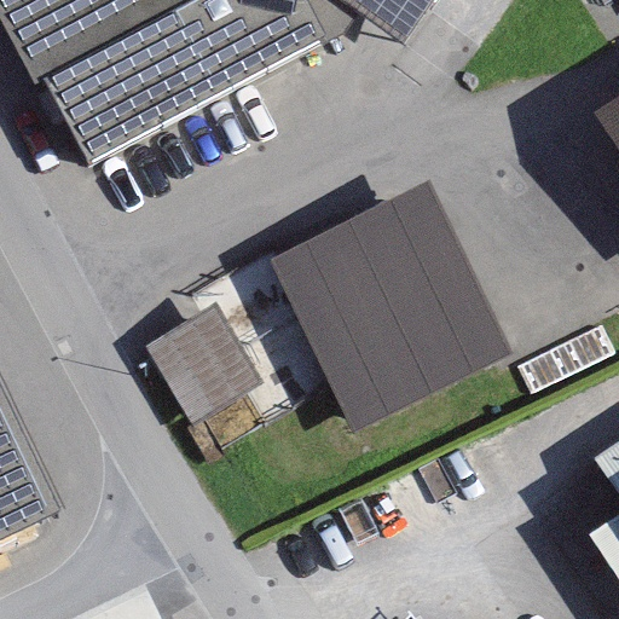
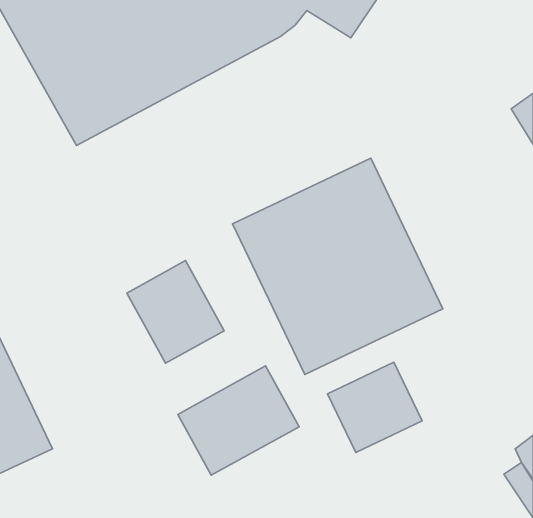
building: none -> [328,362,422,453]
building: none -> [178,366,299,475]

